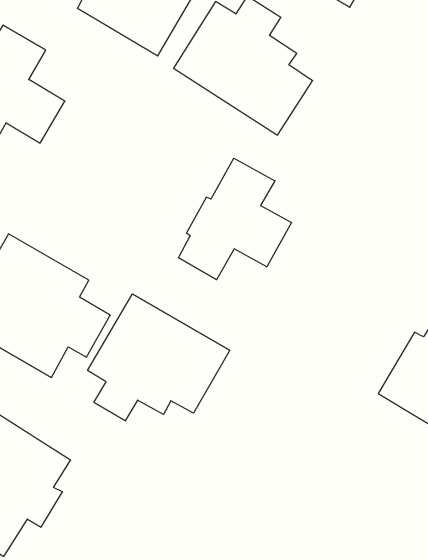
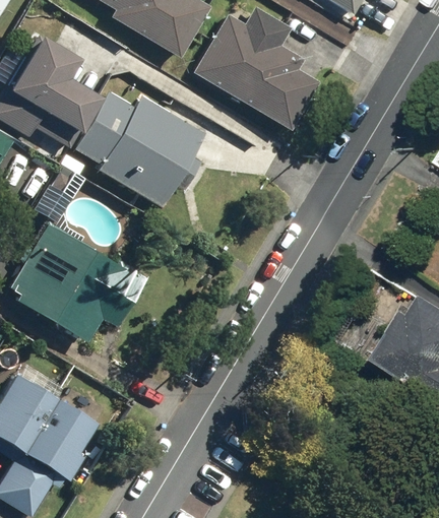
building: none -> [72,90,204,207]
building: [178,158,291,280] -> none
building: [88,294,230,421] -> none

